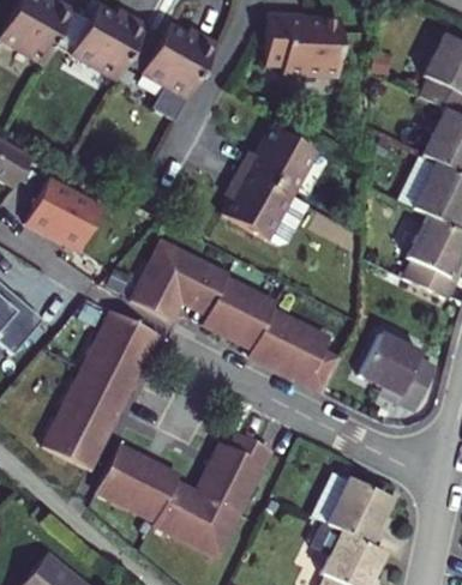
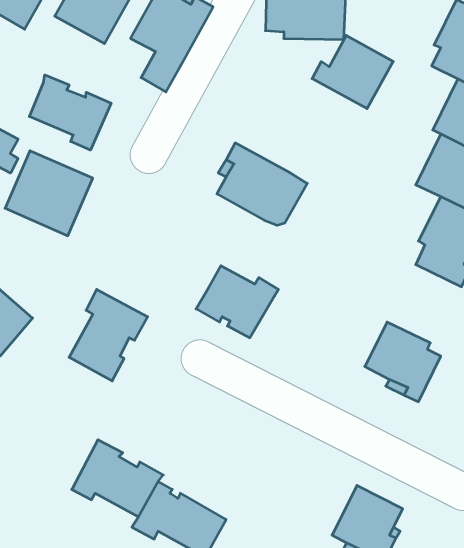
building: none -> [29,75,111,150]
building: [239,128,313,195] -> [312,35,393,109]
building: [133,239,233,314] -> none
building: [248,308,340,393] -> none
building: [38,364,126,460] -> none
building: [188,432,265,513] -> none

